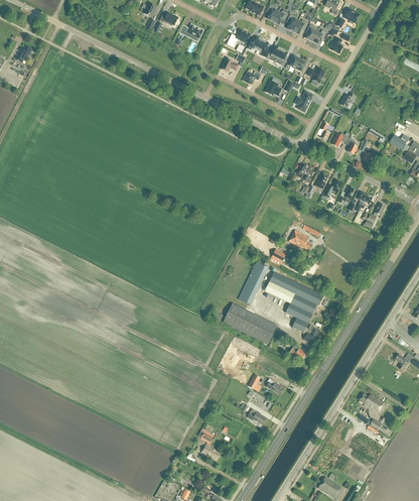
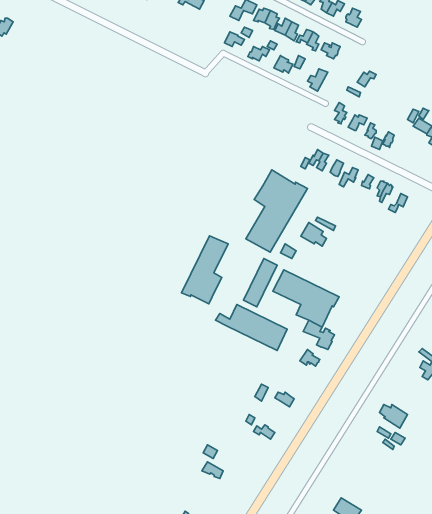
building: none -> [246,170,308,252]
building: none -> [182,236,228,304]

